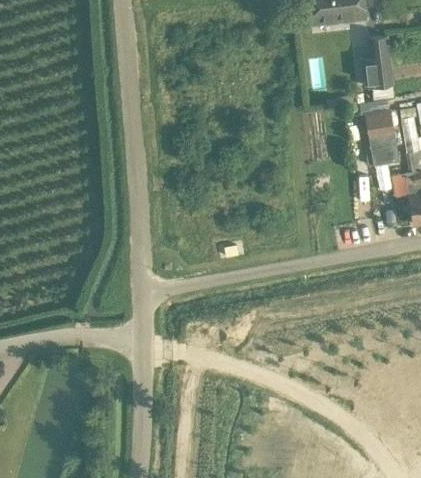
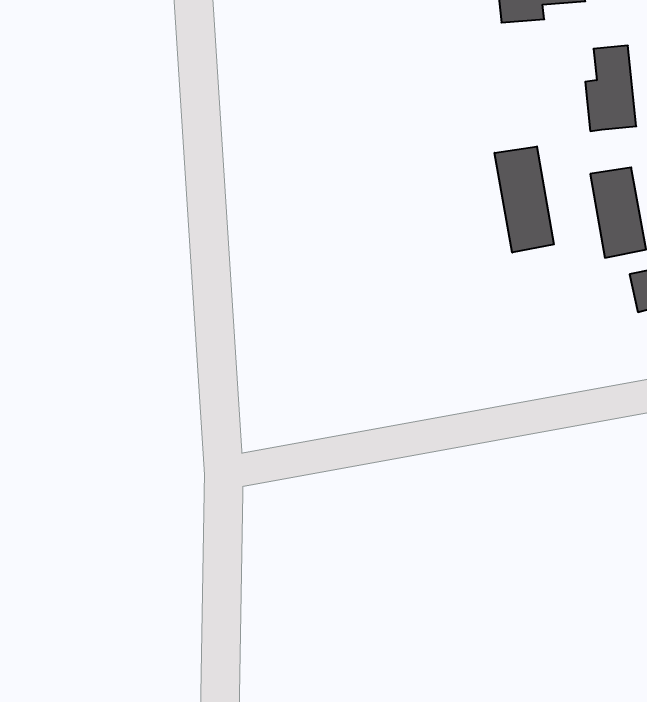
building: none -> [495,146,554,253]

